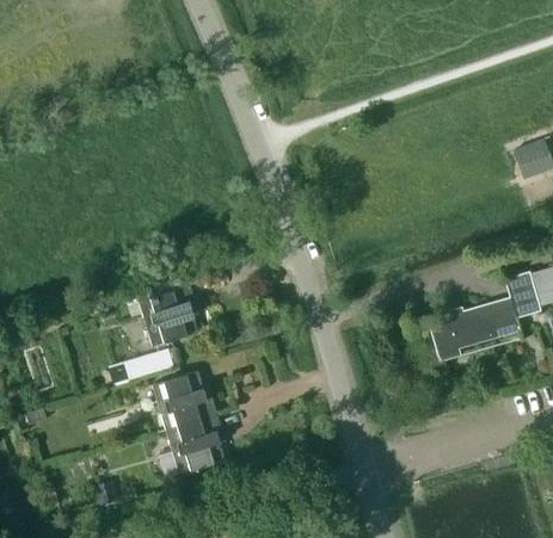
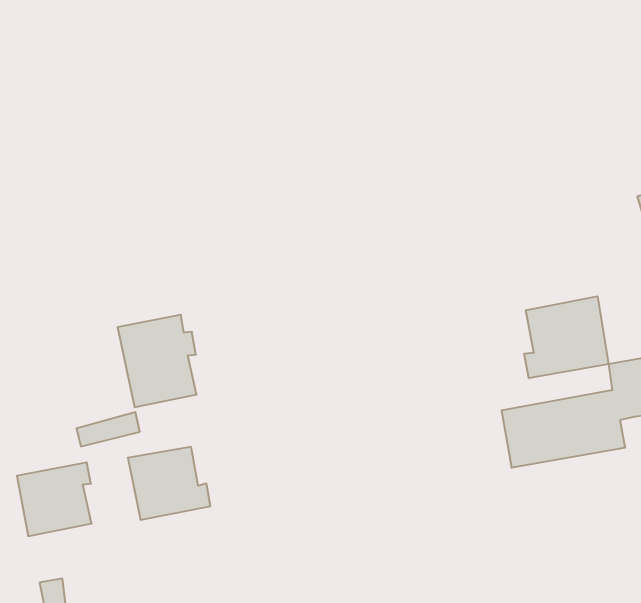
building: none -> [524,296,608,378]
building: [166,415,226,475] -> [17,462,92,536]

